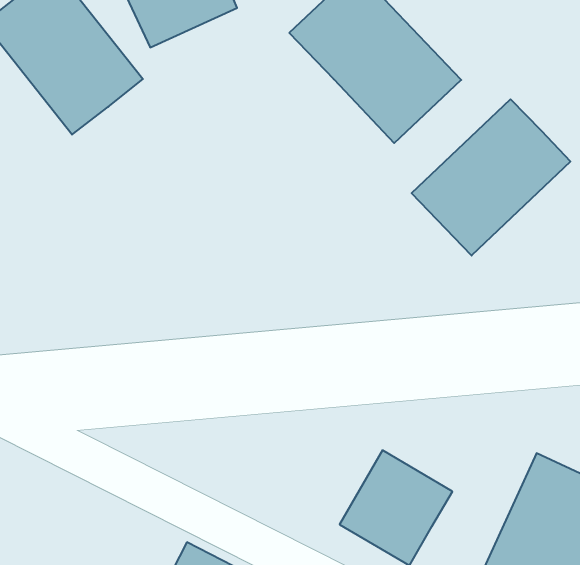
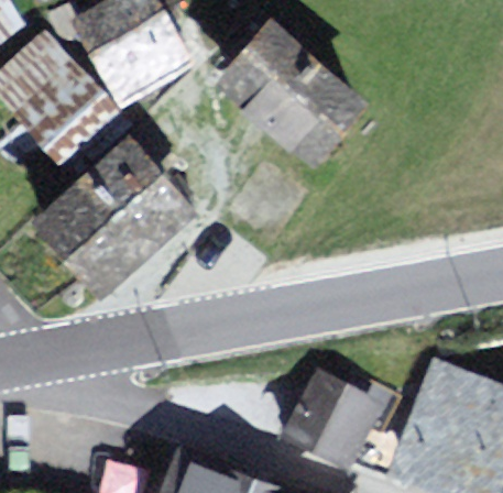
building: [412,99,570,256] -> none
building: none -> [39,135,184,280]

